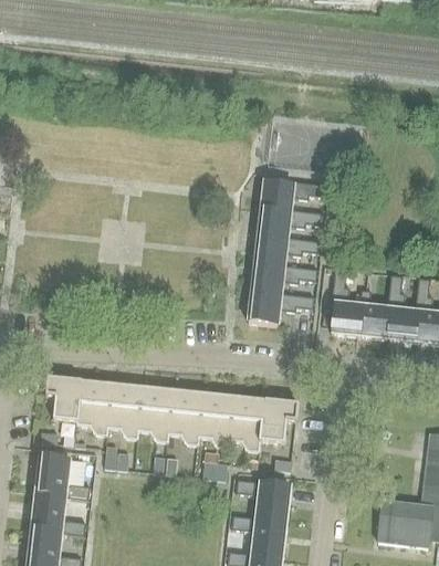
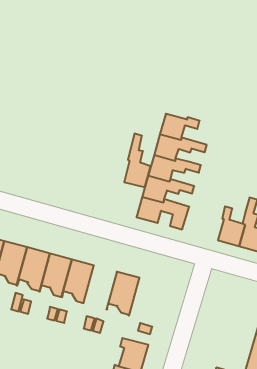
building: [331,266,362,334] -> [124,134,151,187]
building: [197,392,233,447] -> none
building: [260,399,297,441] -> none

